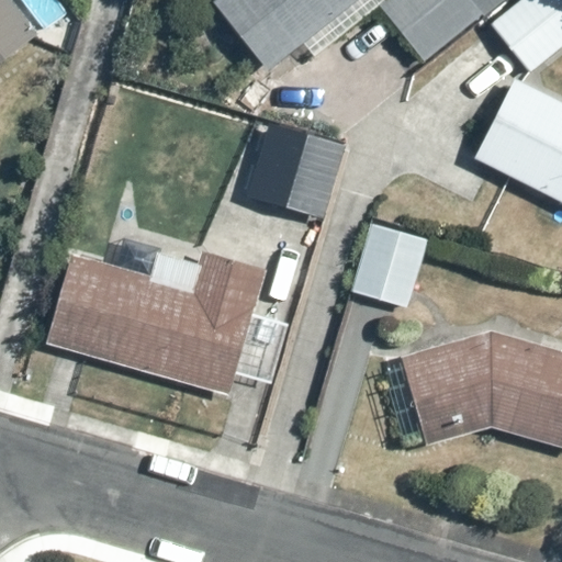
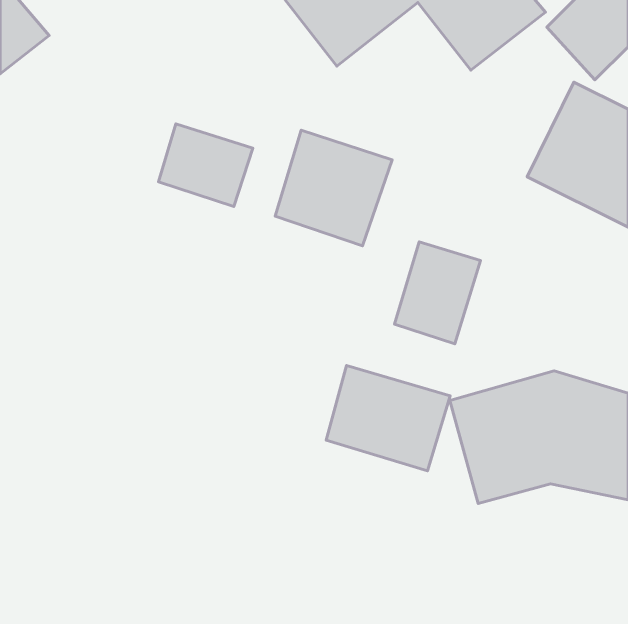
building: none -> [159,124,253,206]
building: [45,239,291,393] -> none
building: none -> [326,366,450,471]

